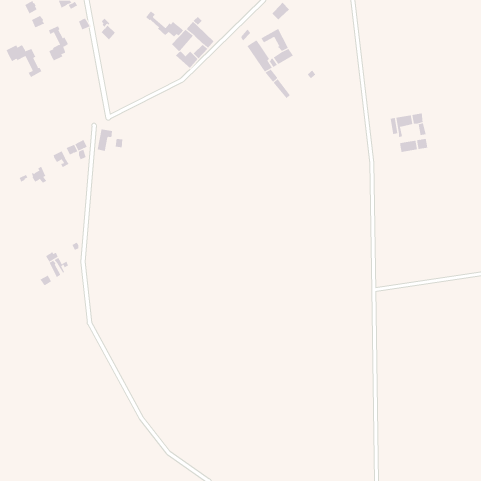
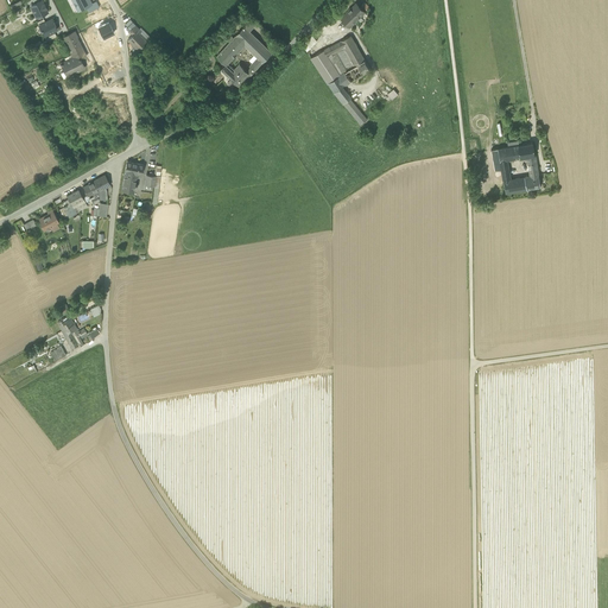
building: [145,10,184,37] -> none
building: [6,45,42,78] -> none

